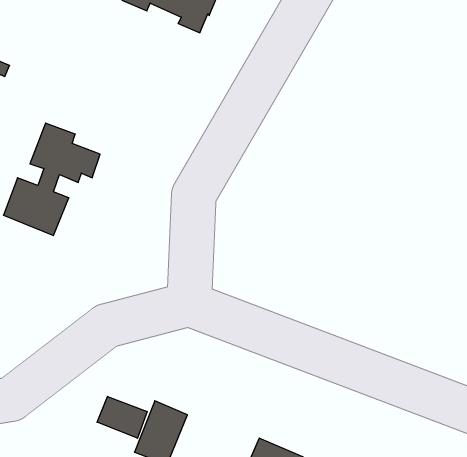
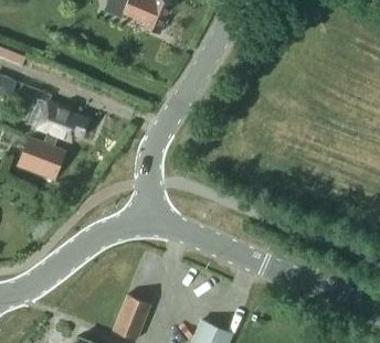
building: [97,396,147,438] -> none

